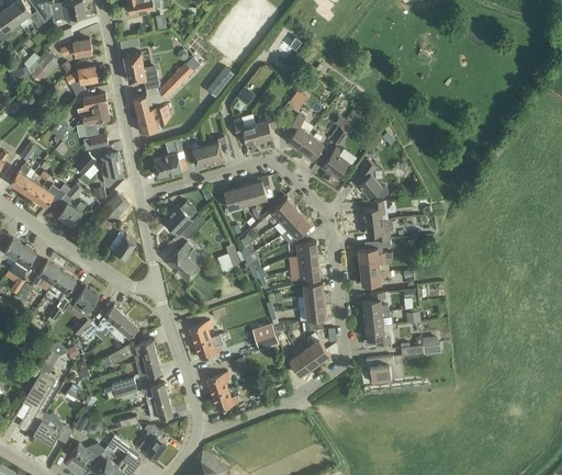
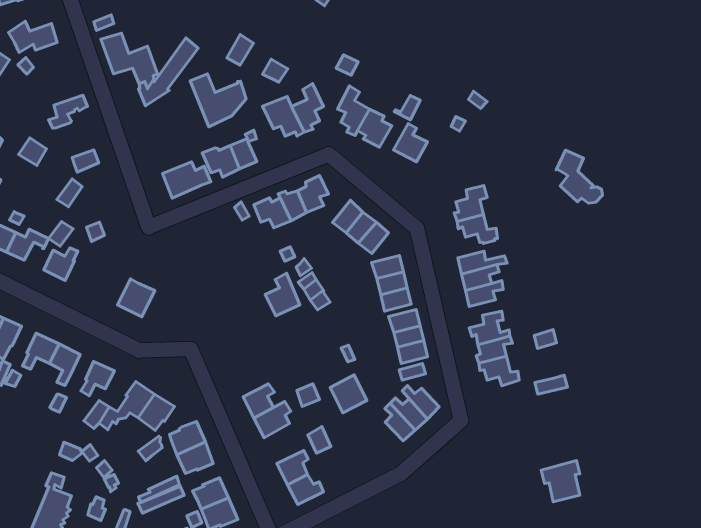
building: [66,67,97,98] -> none
building: [132,95,170,134] -> [190,74,246,127]
building: [81,103,109,136] -> none
building: [99,154,123,186] -> none
building: [357,159,387,200] -> [556,150,602,203]
building: [93,193,128,229] -> none
building: [162,202,199,235] -> none
building: [167,242,204,281] -> none
building: [366,357,393,384] -> [541,461,580,502]

